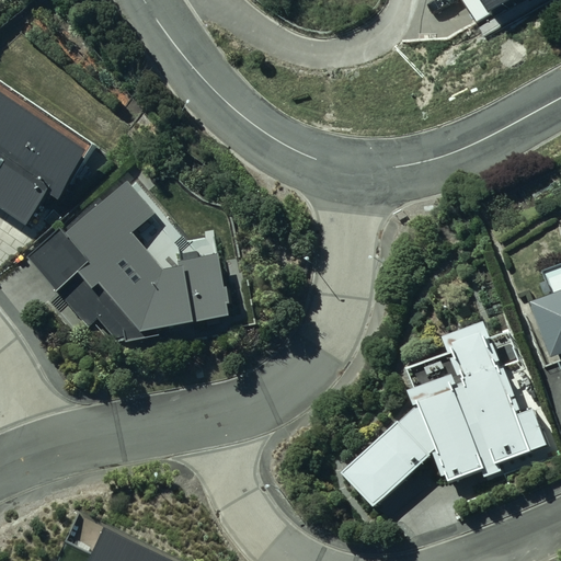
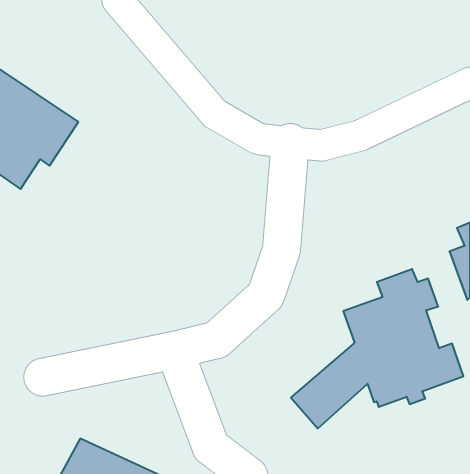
building: [24,180,230,342] -> none

